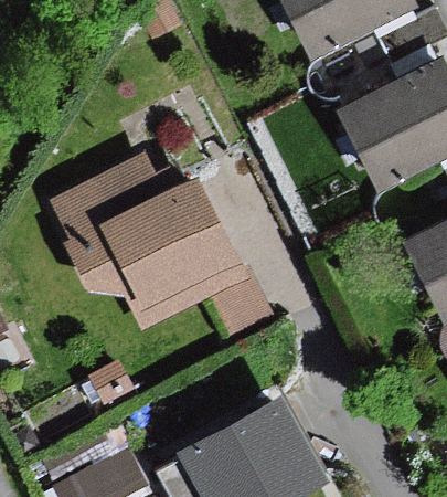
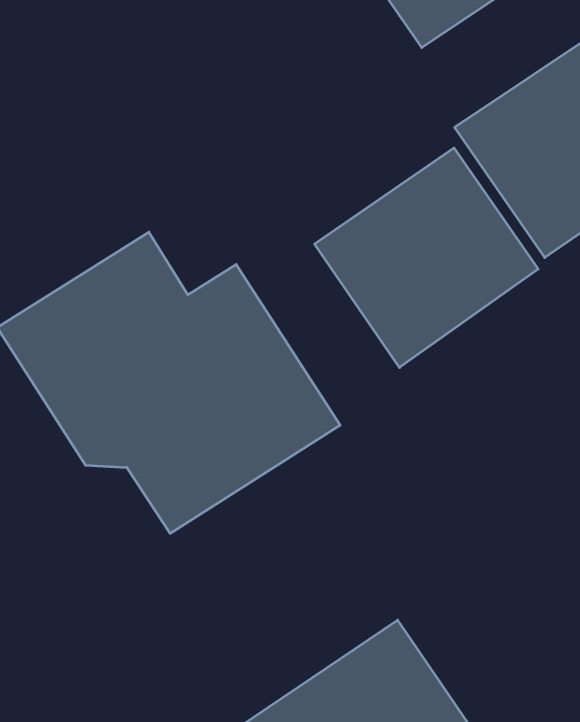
building: none -> [315,148,538,368]

